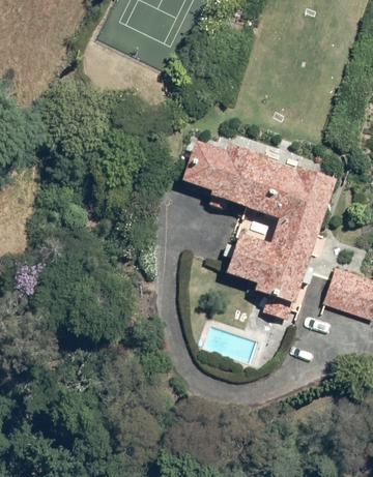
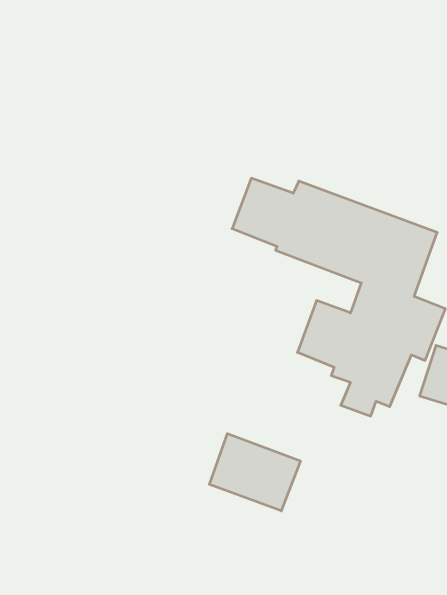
building: none -> [209,434,300,511]

